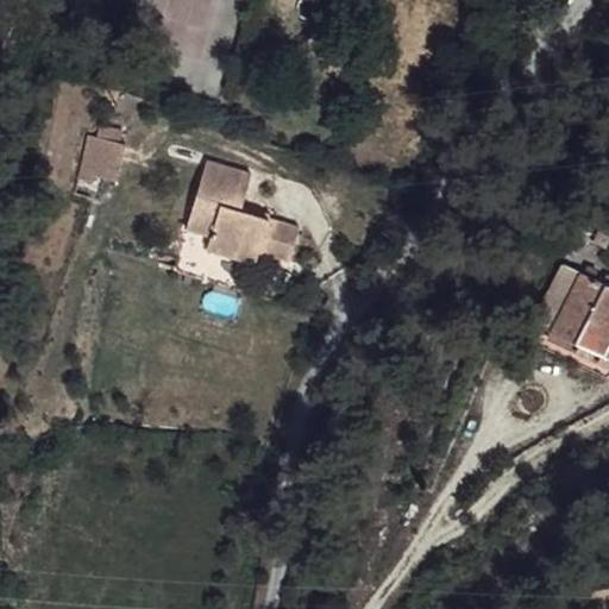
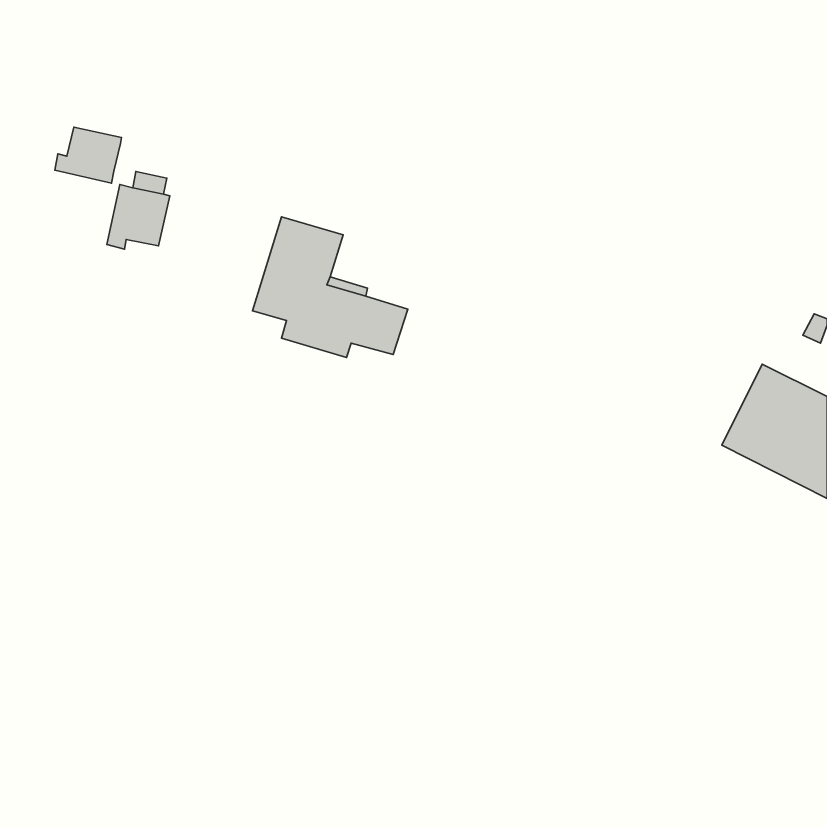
building: none -> [55,127,122,183]

